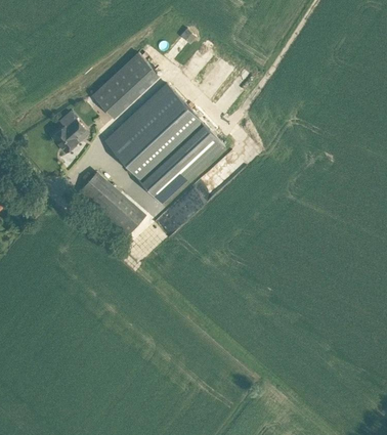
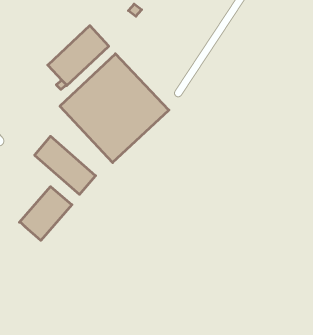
building: [50,119,84,153] -> none
building: none -> [19,187,72,240]

